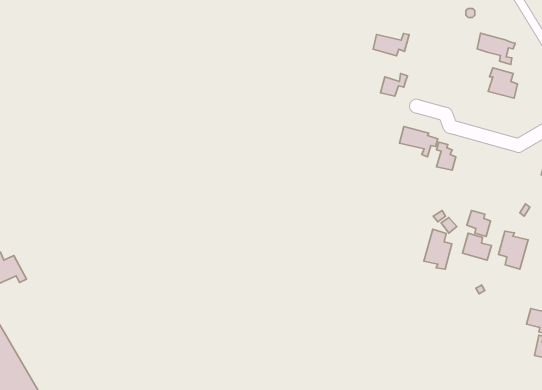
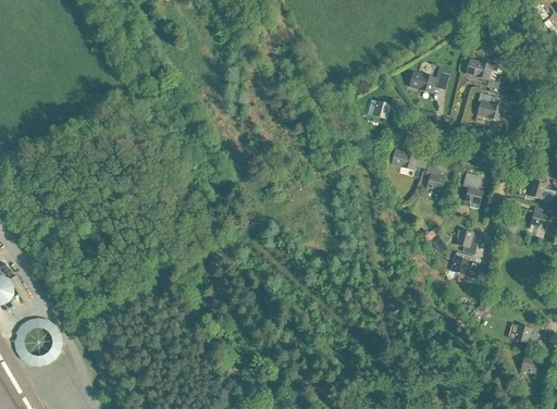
building: [373,33,409,56] -> [408,72,443,94]
building: none -> [461,173,482,206]
building: [424,229,452,269] -> none
building: [499,231,528,269] -> none

